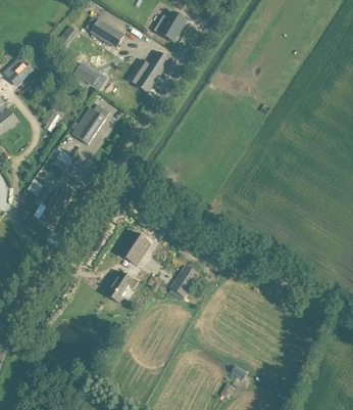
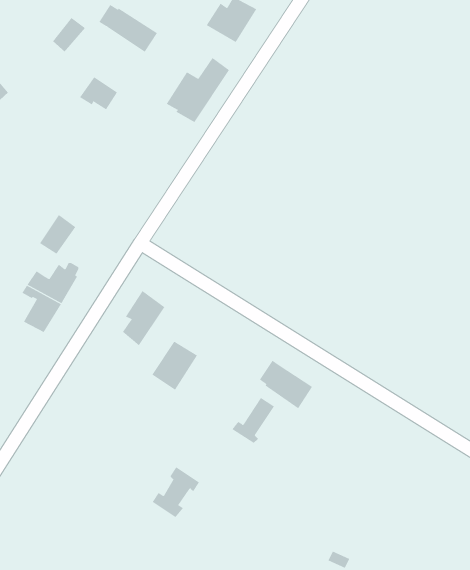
building: [71,103,108,144] -> none
building: none -> [122,290,165,346]
building: none -> [259,360,313,409]
building: [104,270,135,303] -> [152,467,200,518]

